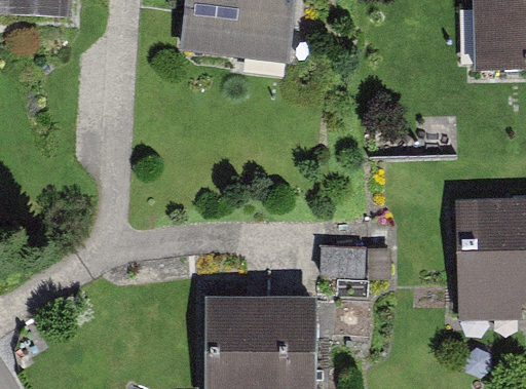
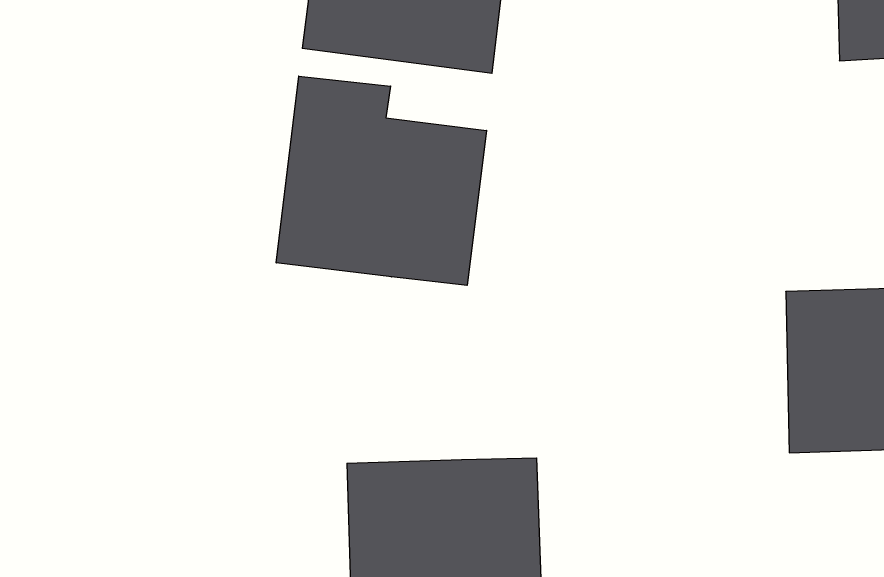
building: none -> [276,76,487,285]

